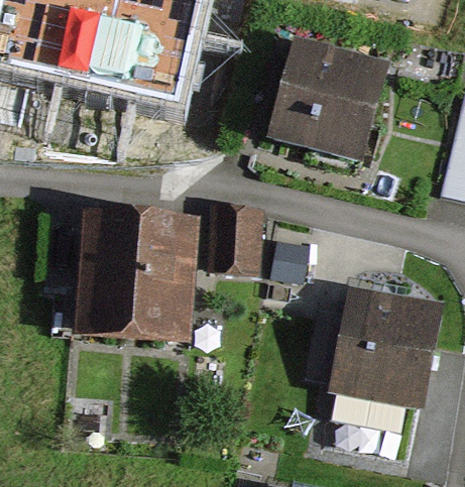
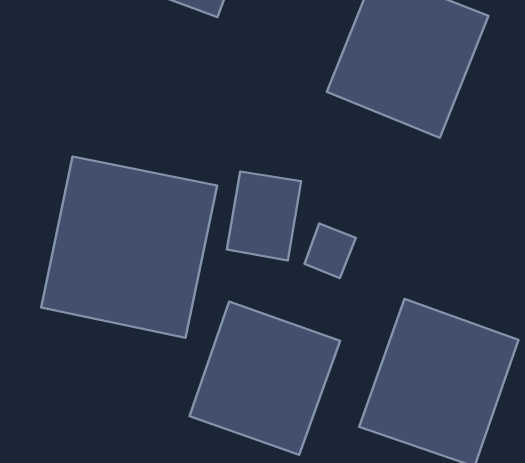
building: none -> [189,301,340,455]

